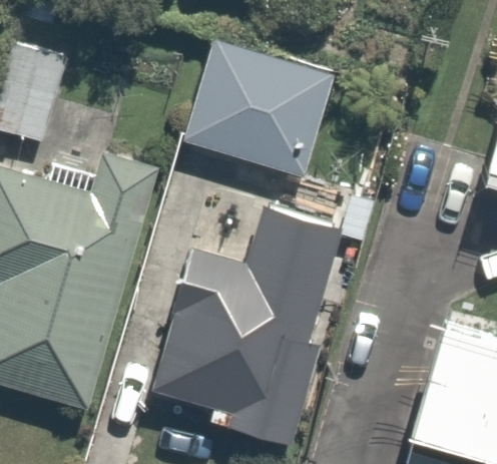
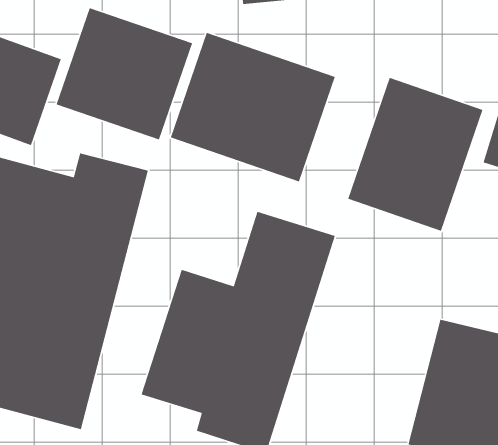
building: none -> [56,7,193,140]
building: none -> [347,77,483,232]

